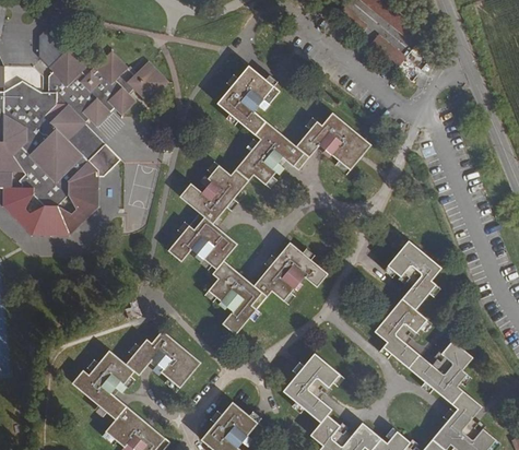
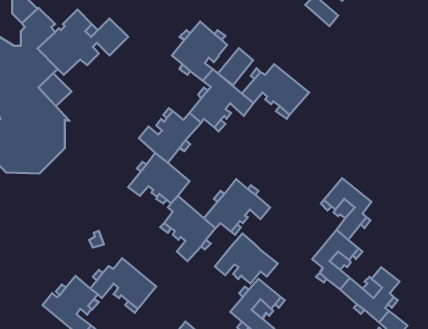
building: none -> [218,48,253,85]
building: [86,143,119,176] -> none
building: none -> [215,234,278,284]

